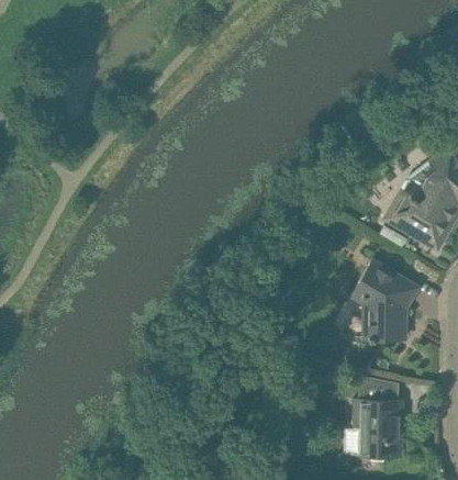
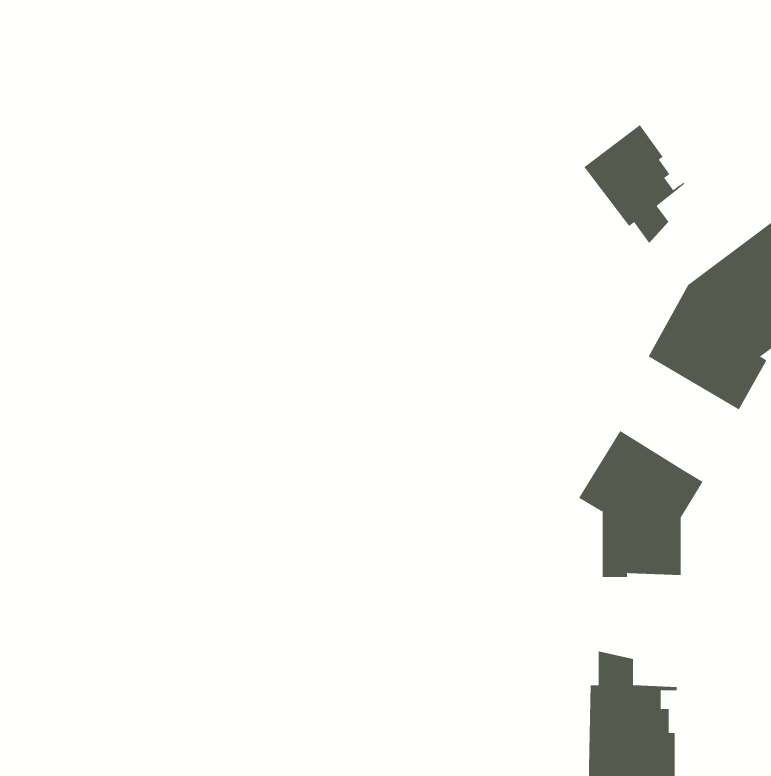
building: none -> [584,124,685,244]

